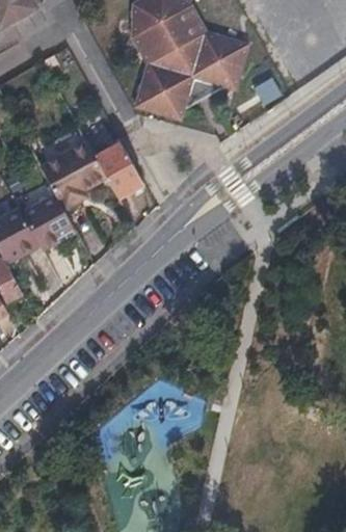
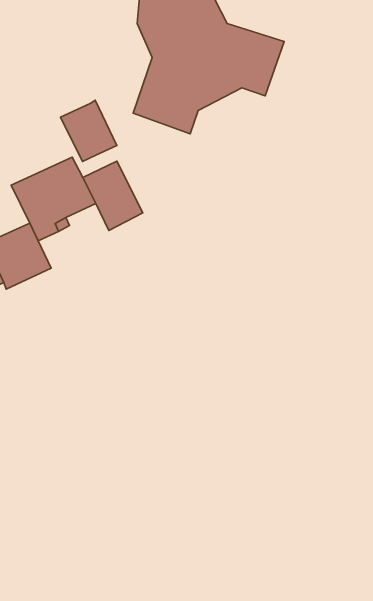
building: none -> [60,100,117,161]

